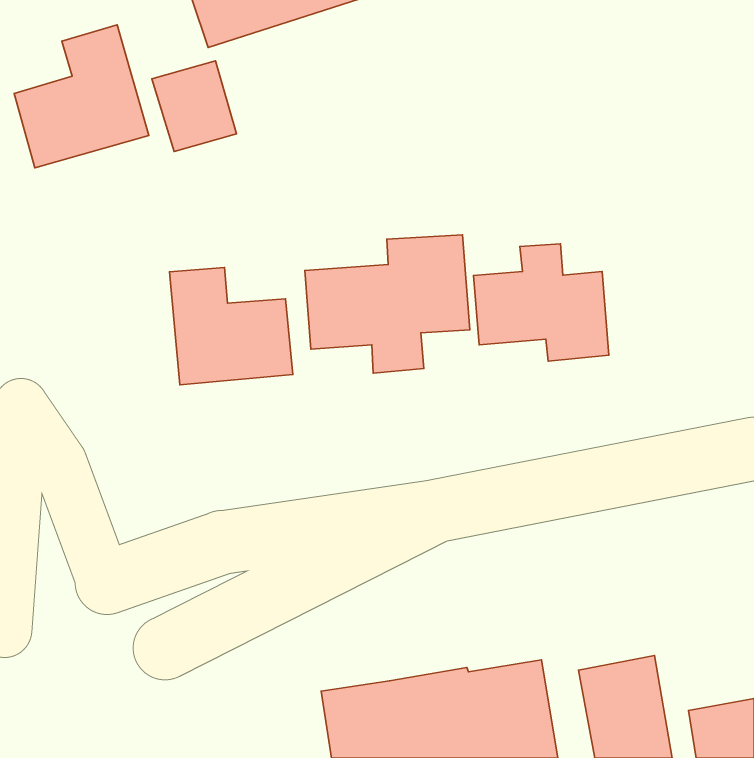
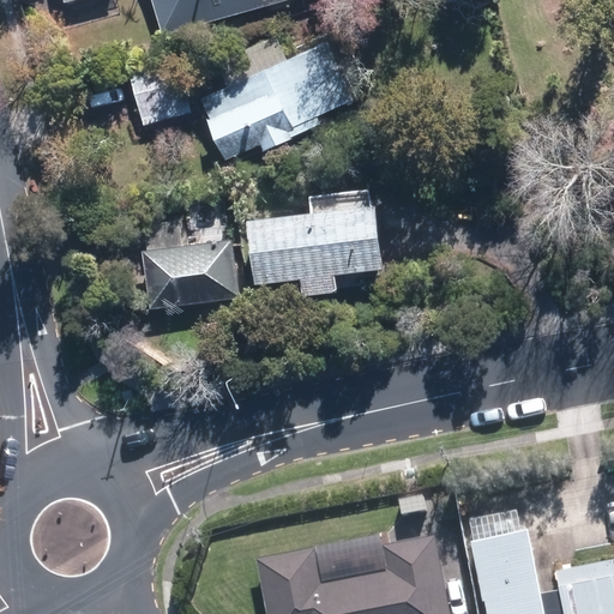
building: [14,25,149,168] -> none
building: none -> [199,42,354,156]
building: [474,244,609,361] -> none

